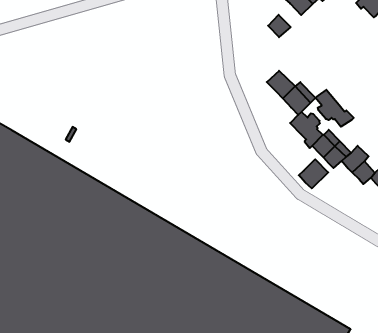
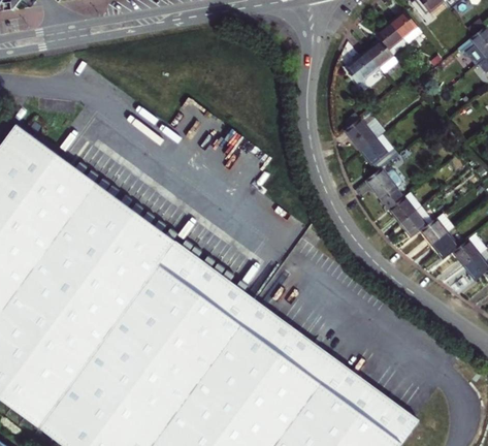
building: none -> [369,42,400,74]
building: [315,90,354,127] -> none
building: [299,159,328,188] -> none

